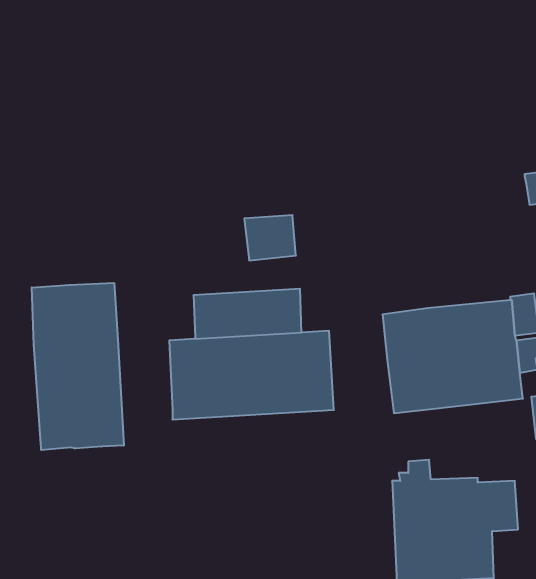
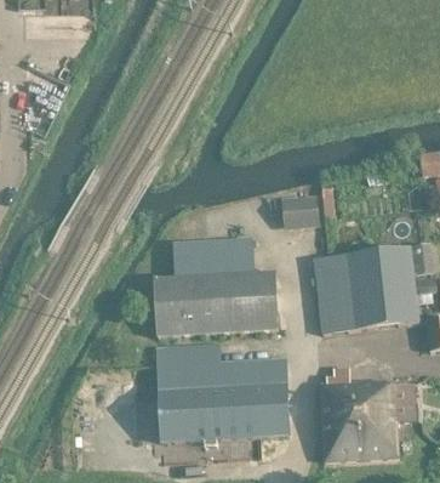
building: [244,215,296,260] -> [280,197,319,231]
building: [32,283,124,450] -> none
building: none -> [159,343,288,442]

